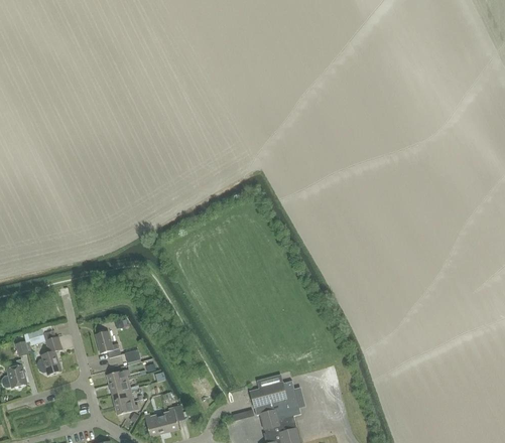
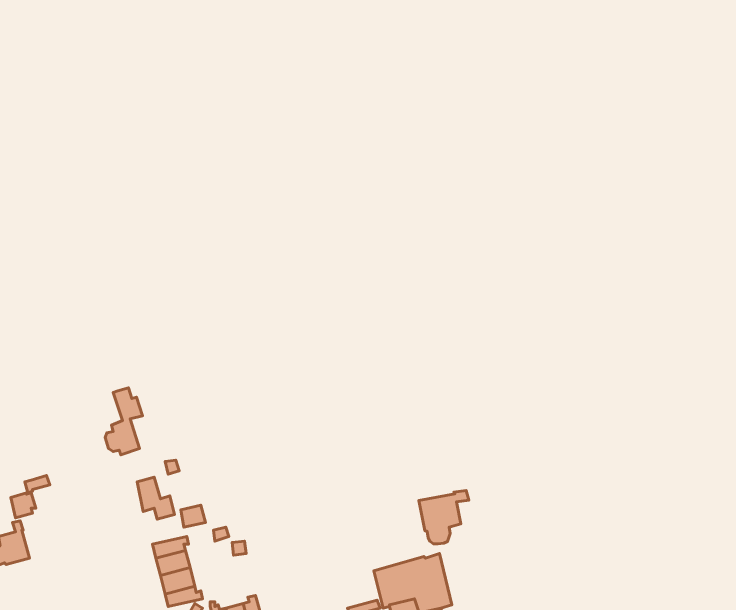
building: [37,330,61,374] -> [105,388,143,455]
building: none -> [419,490,469,544]

